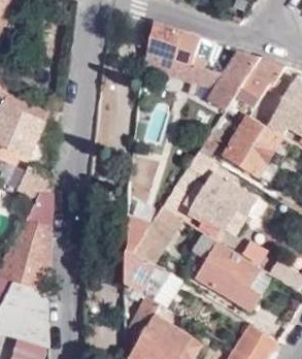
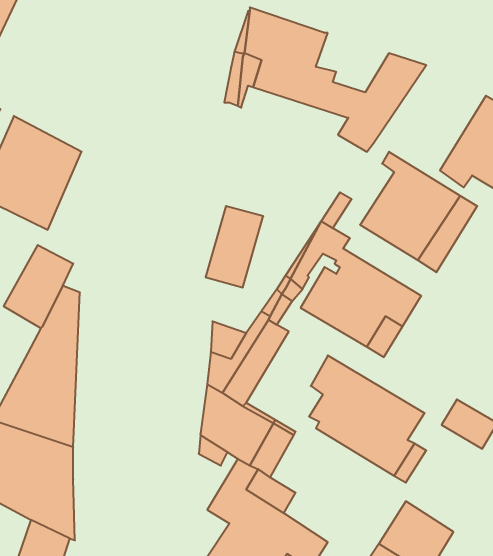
building: [235,57,283,105] -> none

